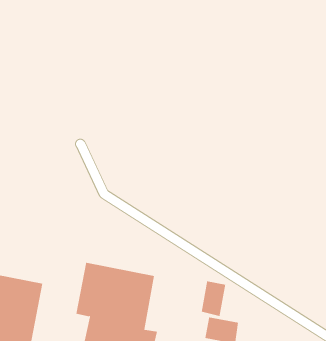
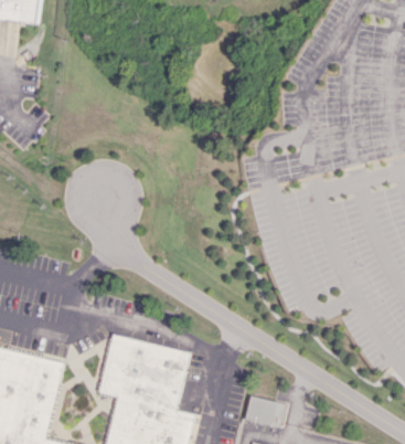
building: [201,280,226,317] -> none

